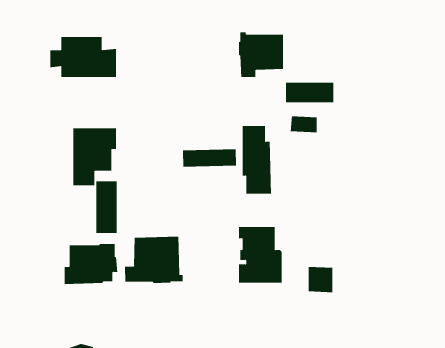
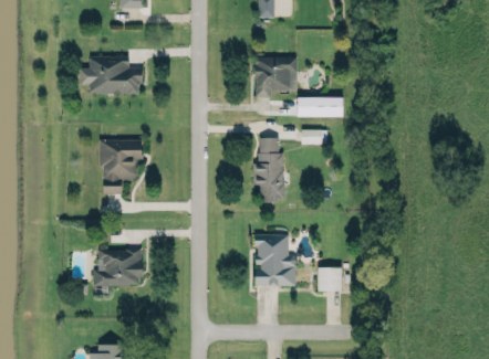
building: [183,148,236,167] -> none
building: [96,180,117,234] -> none
building: [124,236,183,284] -> none

